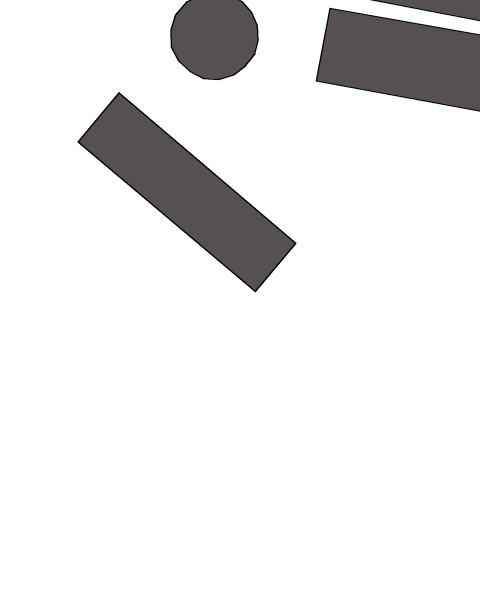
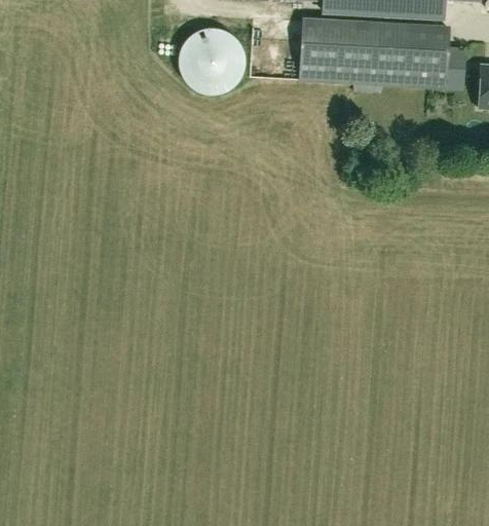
building: [78,93,296,292] -> none

